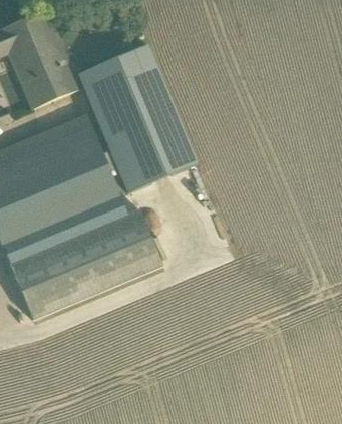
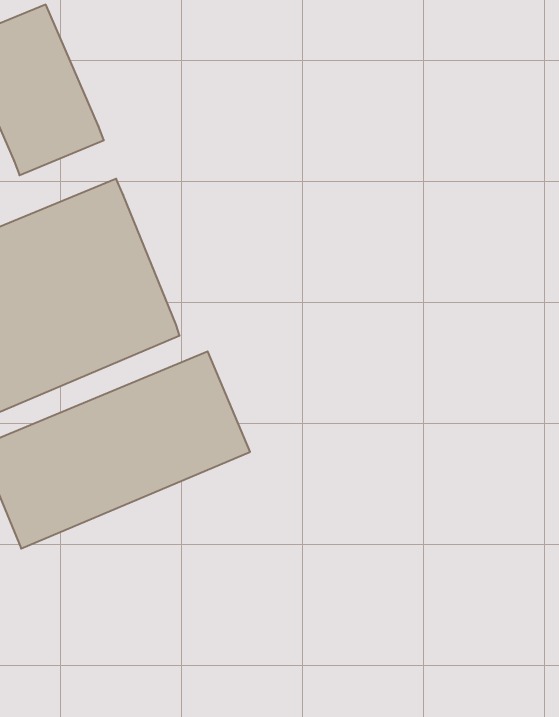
building: [80,49,196,199] -> none

